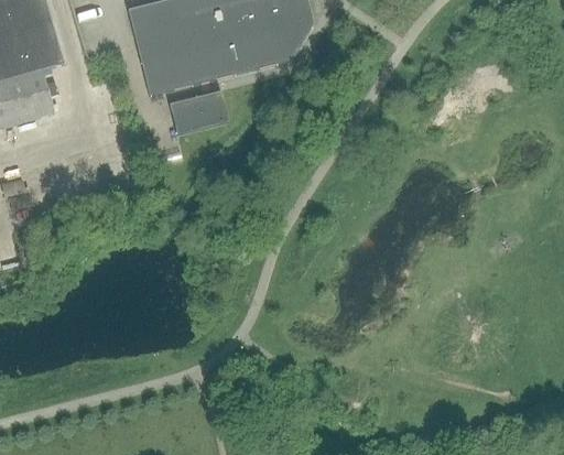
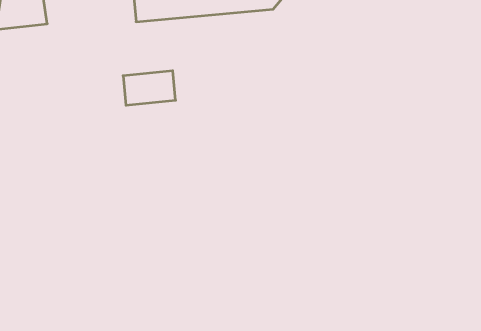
building: [169,90,228,134] -> [123,71,176,105]

